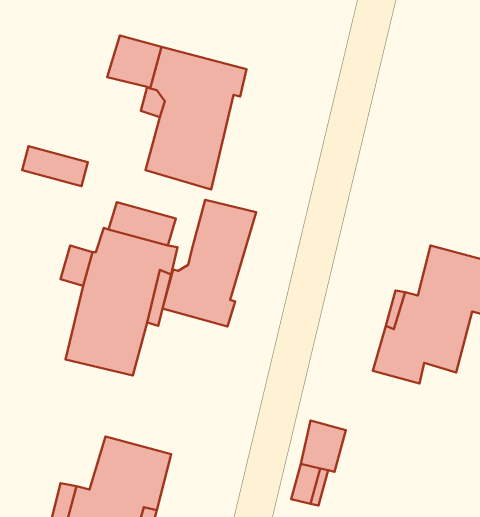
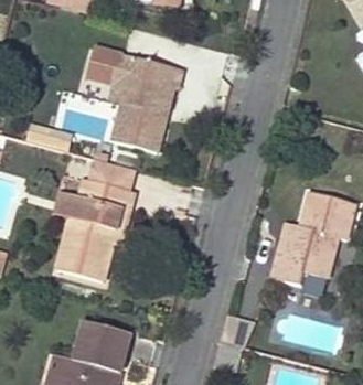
building: [163,200,256,327] -> none

